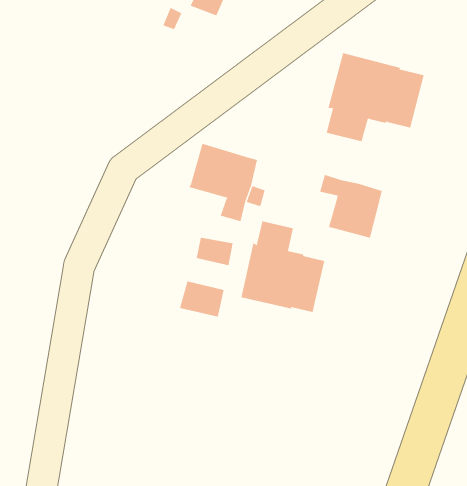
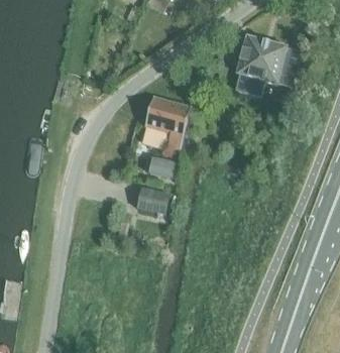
building: [320,174,382,239] -> none
building: [241,220,325,313] -> none

